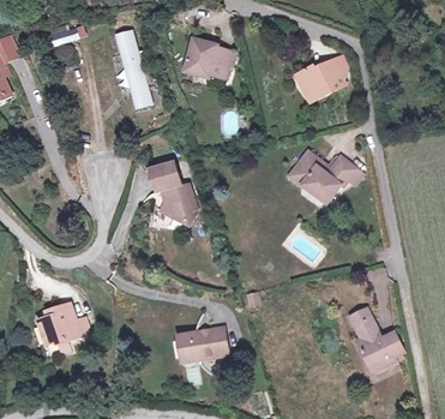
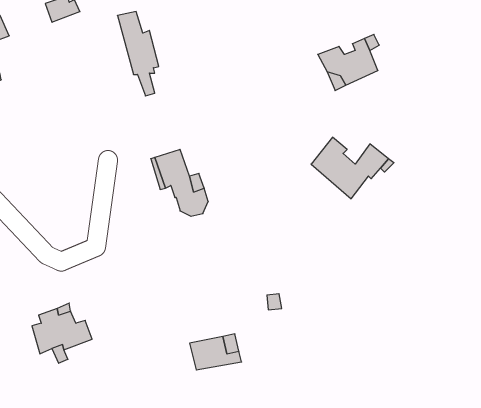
building: [185,37,234,77] -> none
building: [350,306,401,366] -> none

